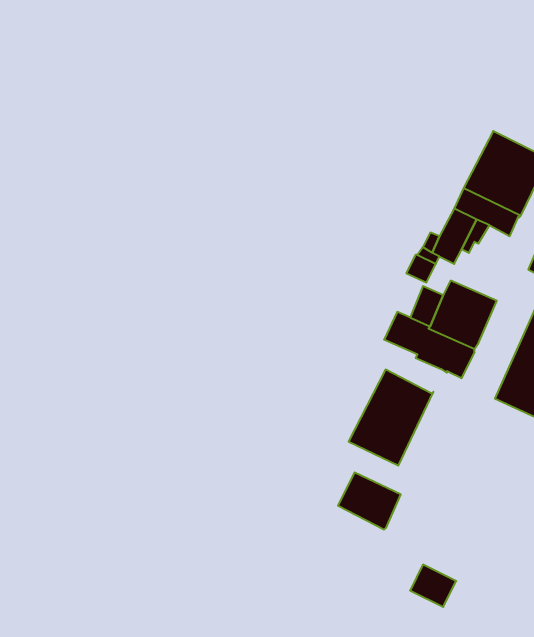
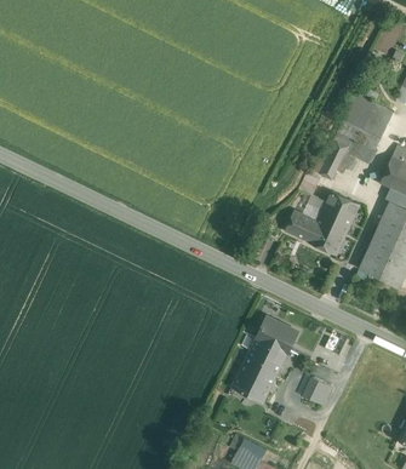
building: [349,370,433,466] -> [231,338,287,401]

